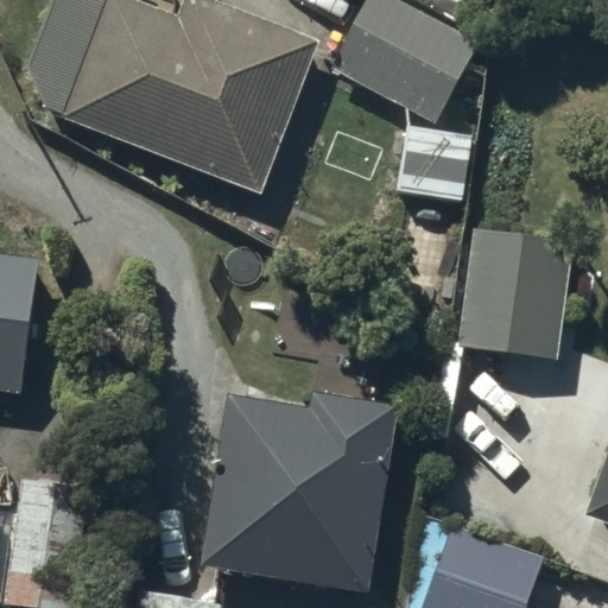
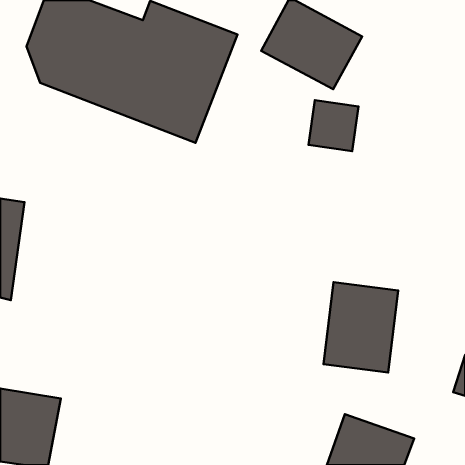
building: [470,238,568,355] -> [324,282,398,372]
building: [214,398,387,577] -> none

